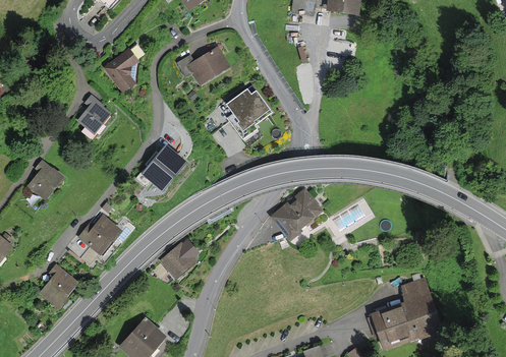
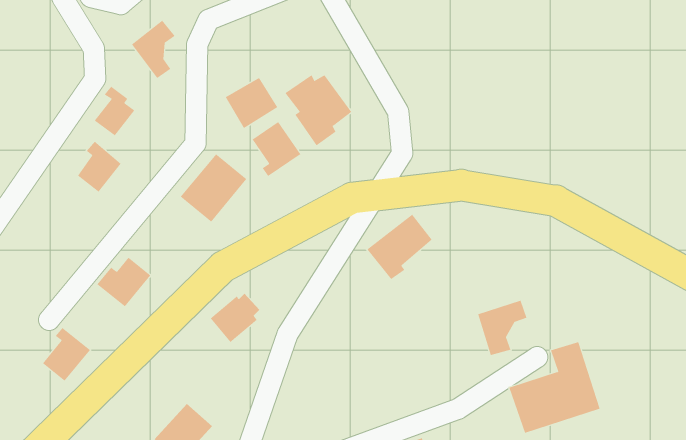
building: [181,47,219,83] -> [225,77,278,129]
building: none -> [252,121,301,177]
building: [31,162,62,198] -> [77,141,122,193]
building: none -> [478,300,527,356]

